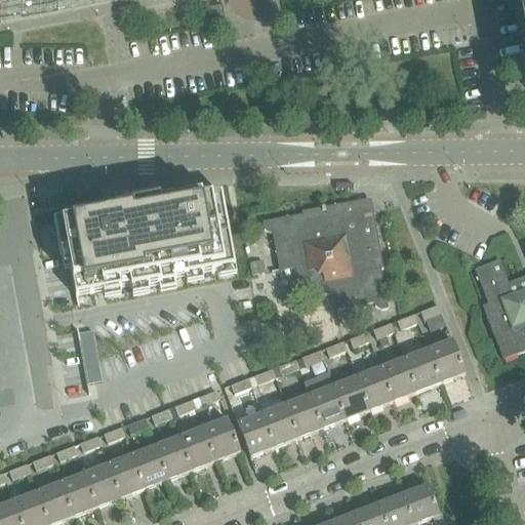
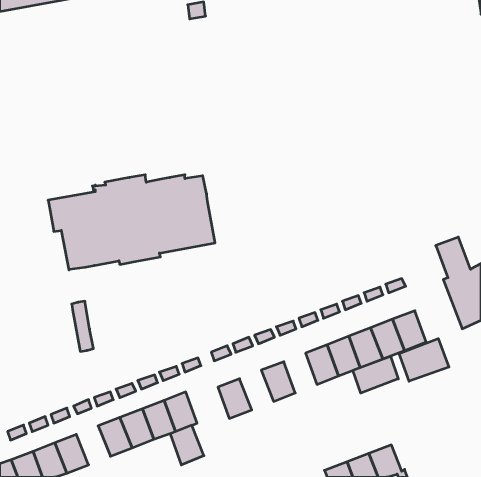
building: [261,197,388,306] -> none
building: none -> [399,339,449,381]
building: [309,383,345,427] -> none
building: none -> [353,356,398,393]
building: [260,402,297,445] -> none
building: [202,416,239,459] -> [170,425,204,465]
building: [83,462,120,504] -> none

